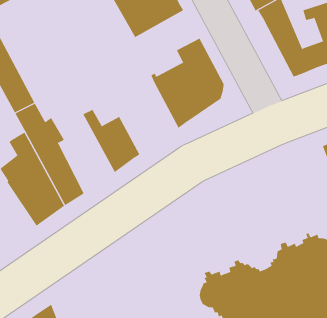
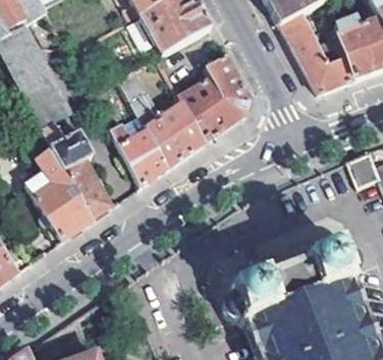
building: none -> [124,81,205,167]

